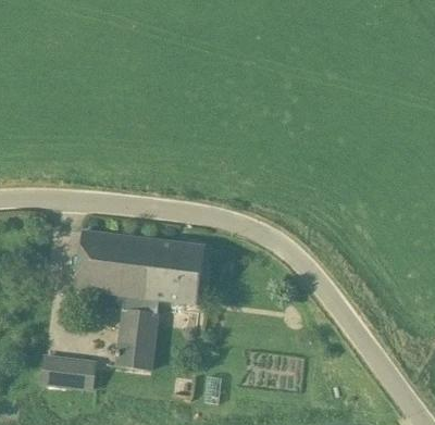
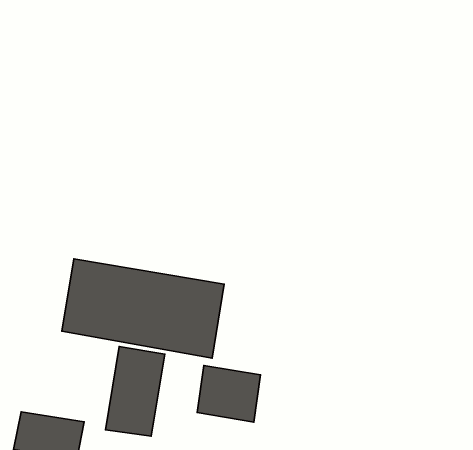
building: none -> [197,365,261,422]

